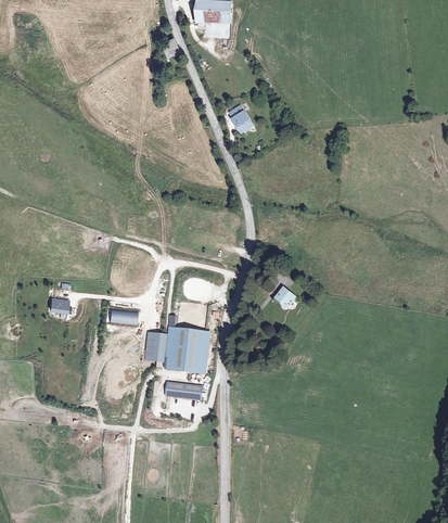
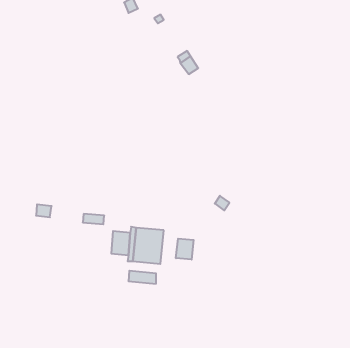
building: none -> [176,239,194,260]

